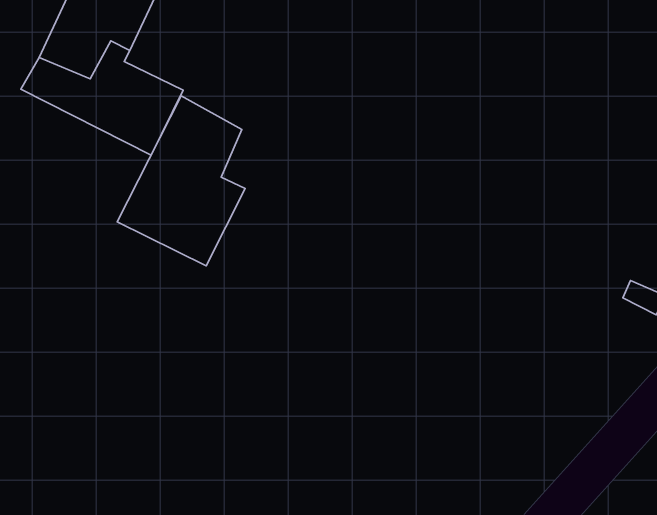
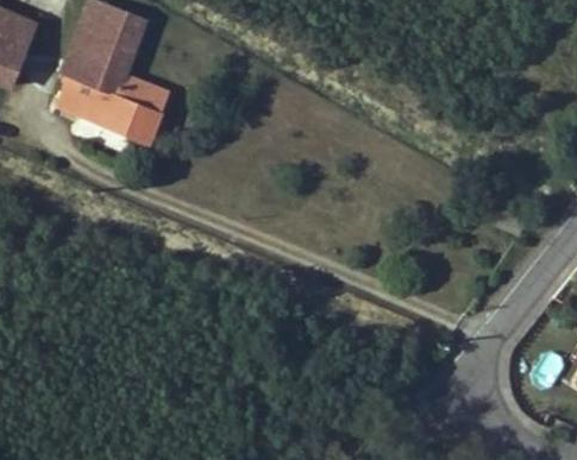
building: [117,96,245,266] -> none

